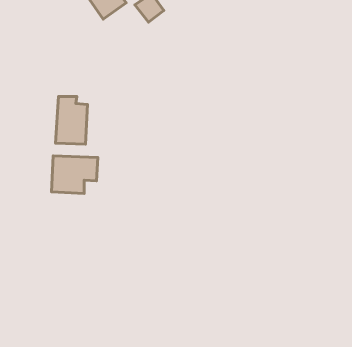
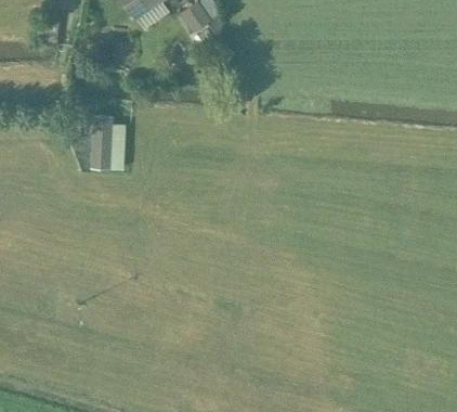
building: [51,156,98,193] -> none

